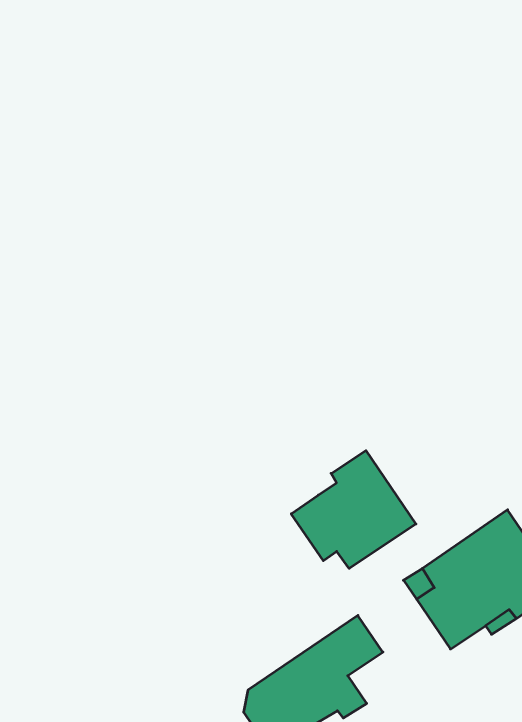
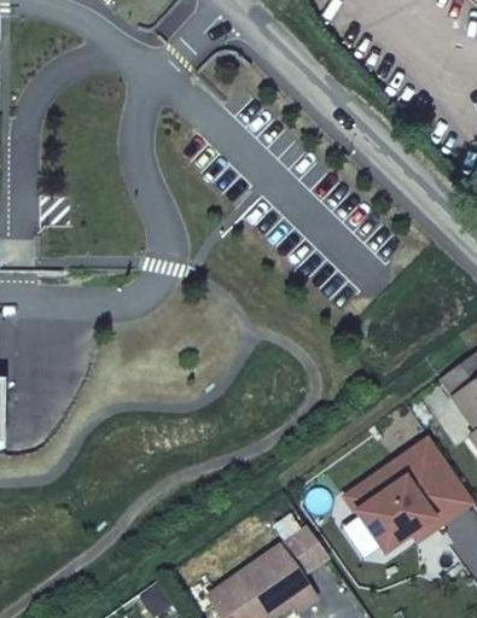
building: [291,451,416,568] -> none

